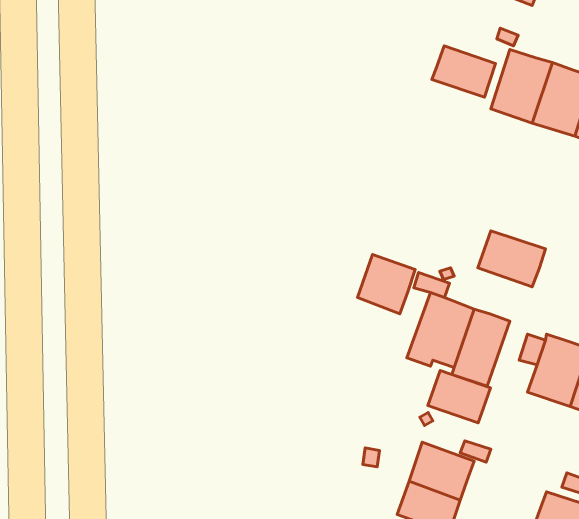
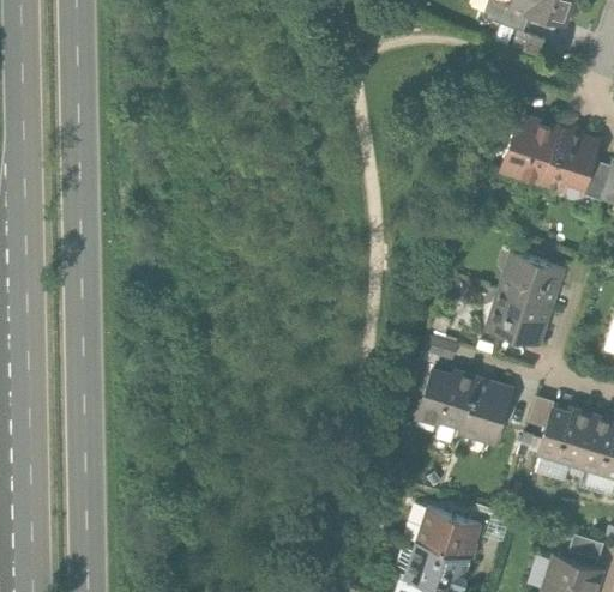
building: [432,46,495,97] -> none
building: none -> [498,254,566,310]
building: [358,255,415,314] -> none
building: [428,371,490,423] -> none

